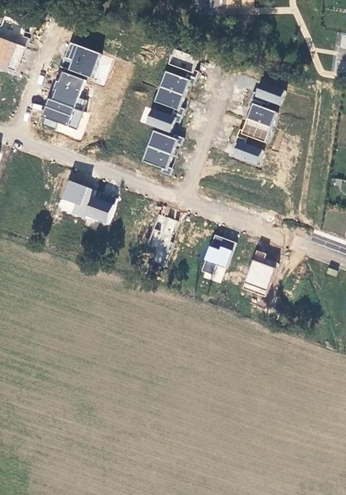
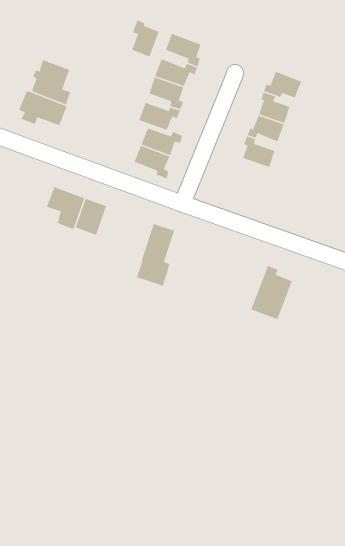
building: none -> [131,19,160,57]
building: [64,42,101,78] -> none
building: [201,234,236,275] -> none

